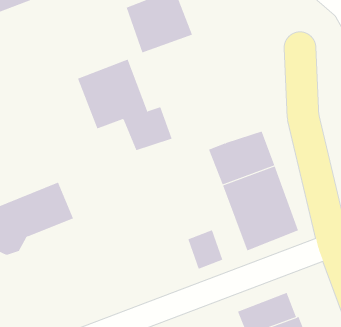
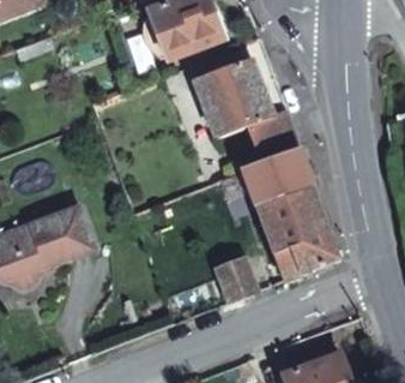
building: [77,59,173,151] -> [194,60,300,162]

